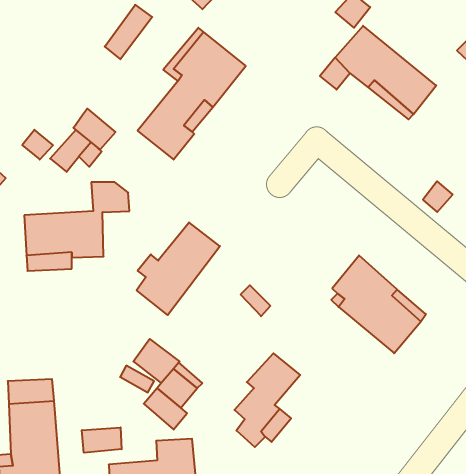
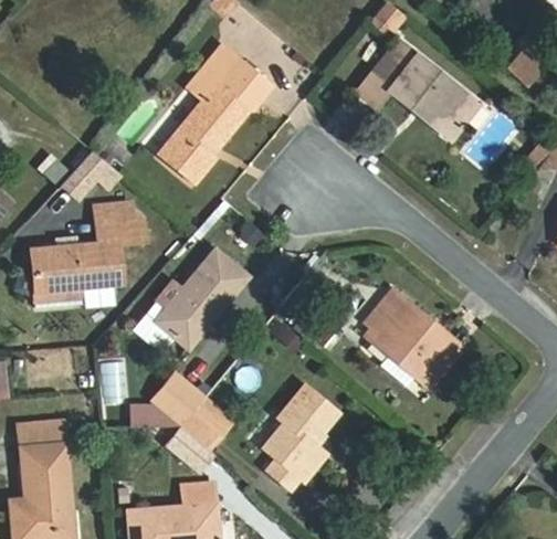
building: [105,5,152,59] -> none
building: [73,109,115,149] -> none
building: [82,427,122,453] -> none

